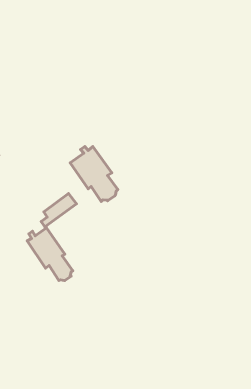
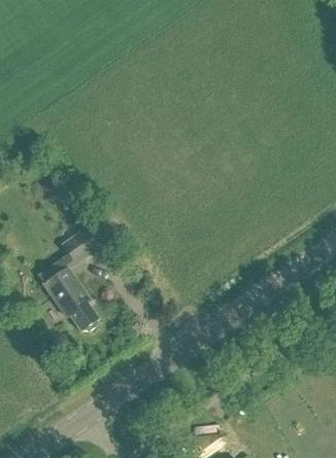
building: [70,147,118,201] -> none

